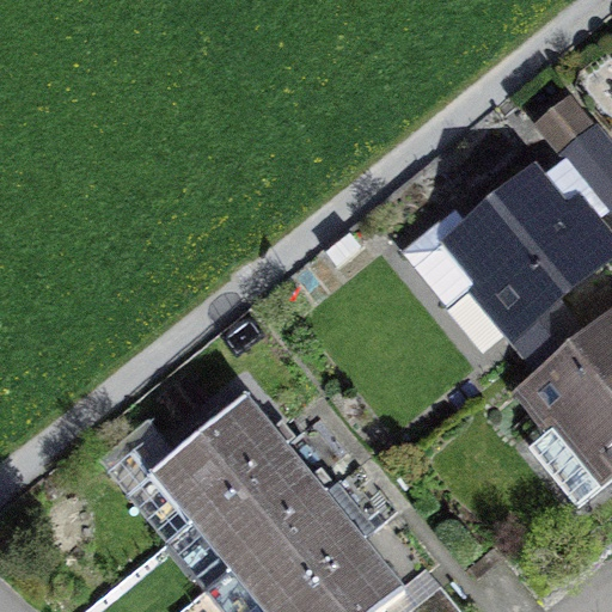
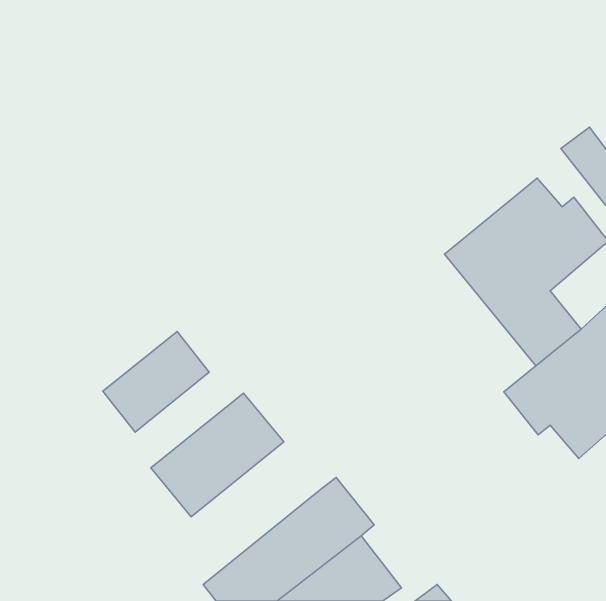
building: none -> [103,331,209,432]
building: [167,445,325,588] -> none

